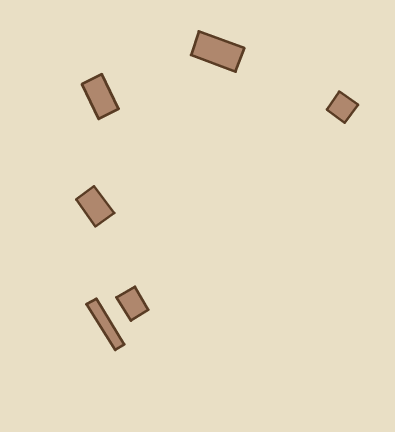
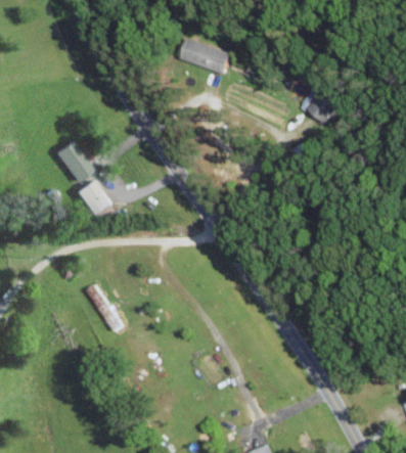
building: [82,74,119,119] -> [58,141,92,182]
building: [116,287,148,321] -> none

